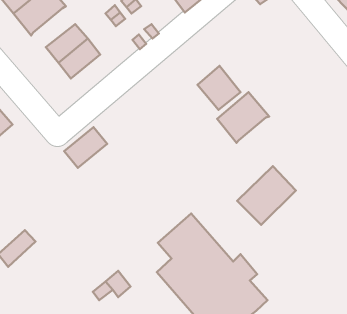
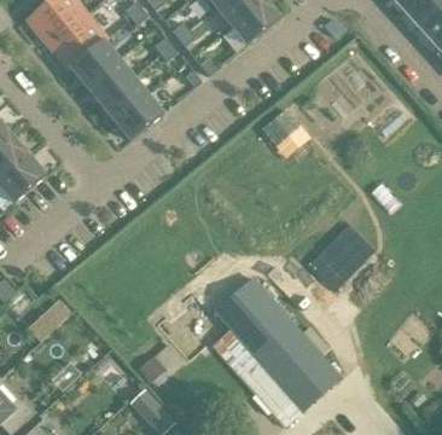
building: none -> [70,40,118,85]
building: [217,92,269,143] -> none
building: [64,127,107,168] -> [114,93,163,140]

